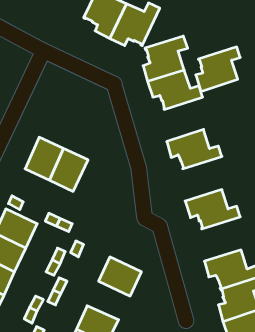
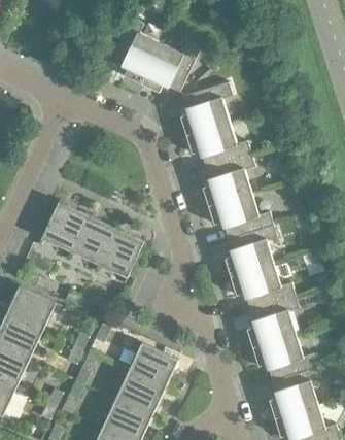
building: [196,47,240,91] -> [202,154,254,206]
building: none -> [225,224,277,276]
building: none -> [98,228,144,278]
building: none -> [246,295,299,347]
building: none -> [114,371,165,416]

